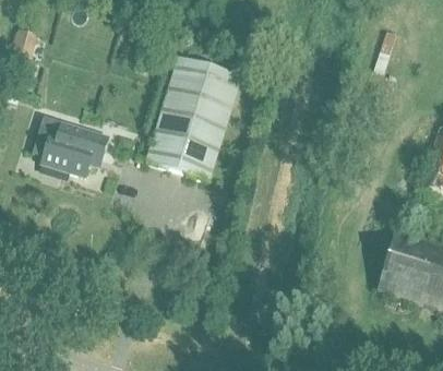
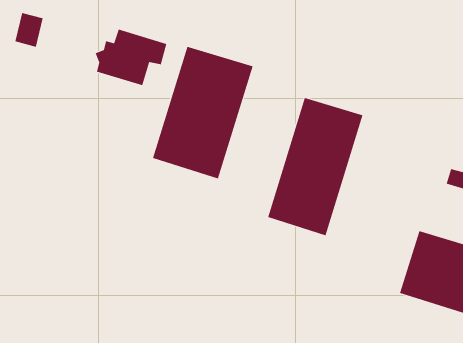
building: none -> [268,97,363,236]
building: [39,121,107,175] -> [95,29,167,86]

